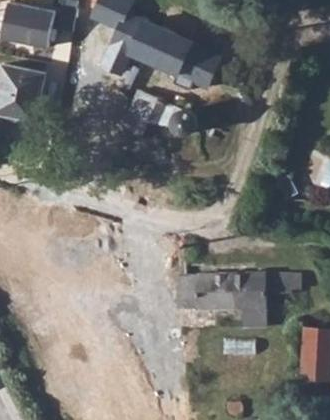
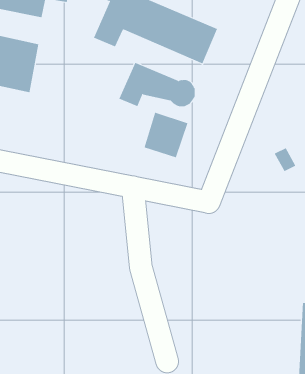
building: none -> [144,112,188,158]
building: [178,272,301,326] -> none

